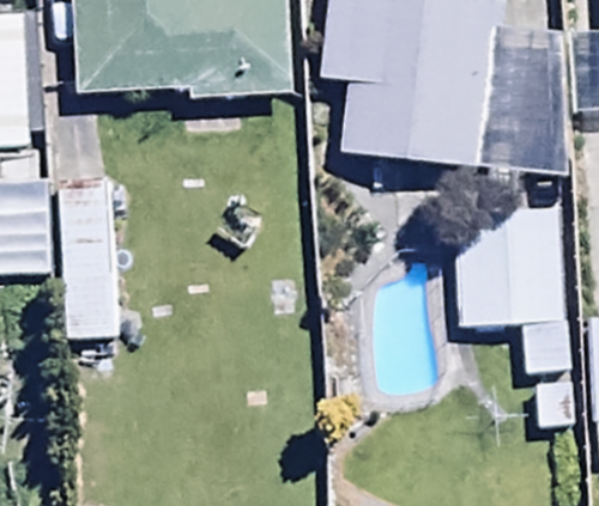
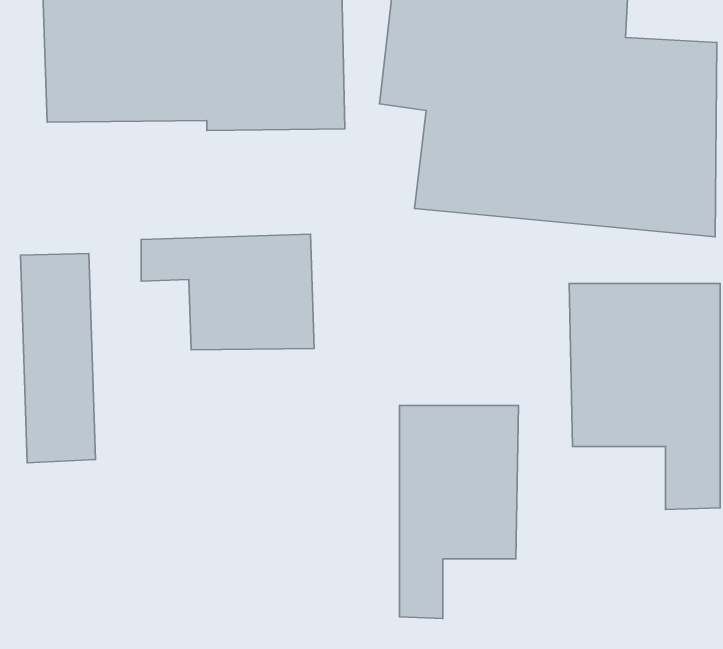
building: none -> [141,234,314,350]
building: none -> [400,405,519,618]

